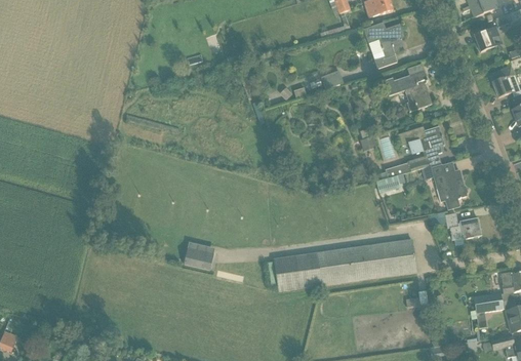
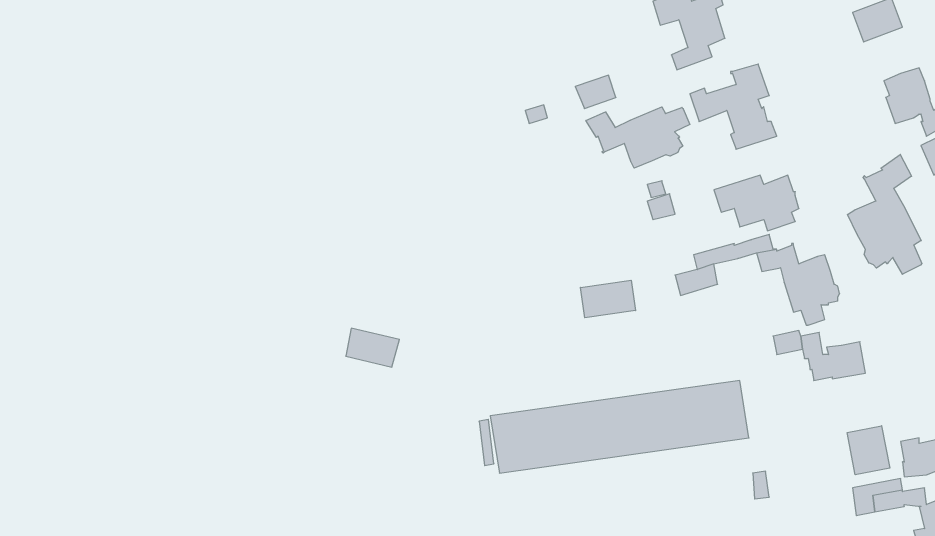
building: none -> [586,107,690,168]
building: none -> [848,154,922,274]
building: none -> [580,280,636,318]
building: [184,247,213,269] -> [346,328,399,367]
building: none -> [847,426,890,475]

